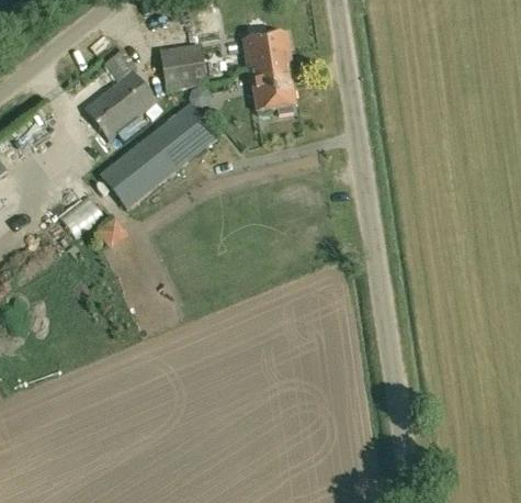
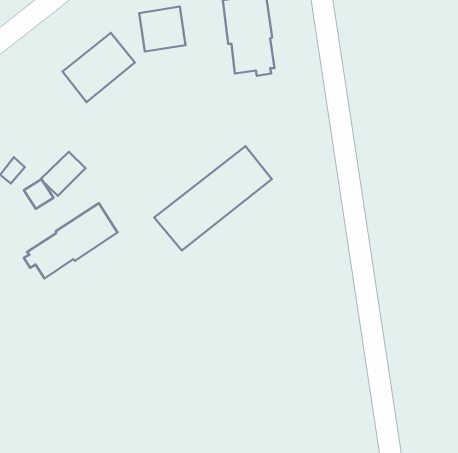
building: [100,103,217,208] -> [154,146,272,251]
building: none -> [24,203,117,279]

